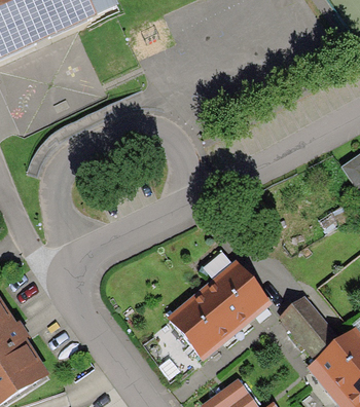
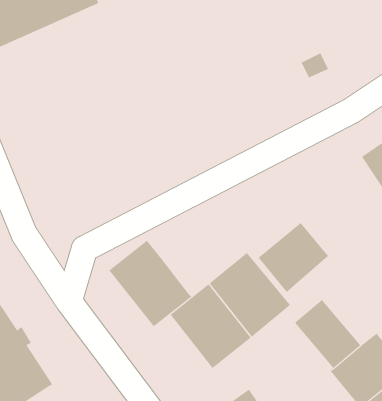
building: none -> [258,222,329,293]
building: none -> [108,240,192,327]

